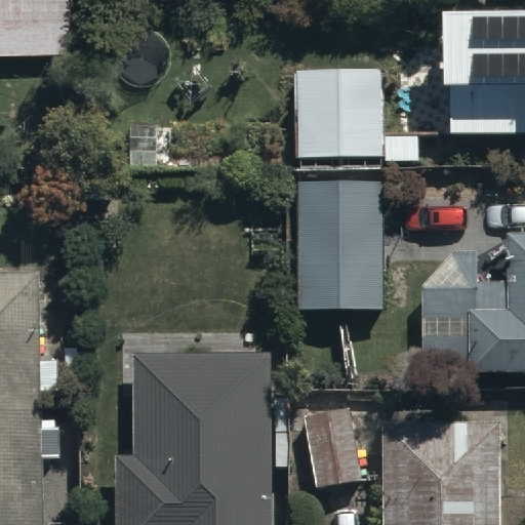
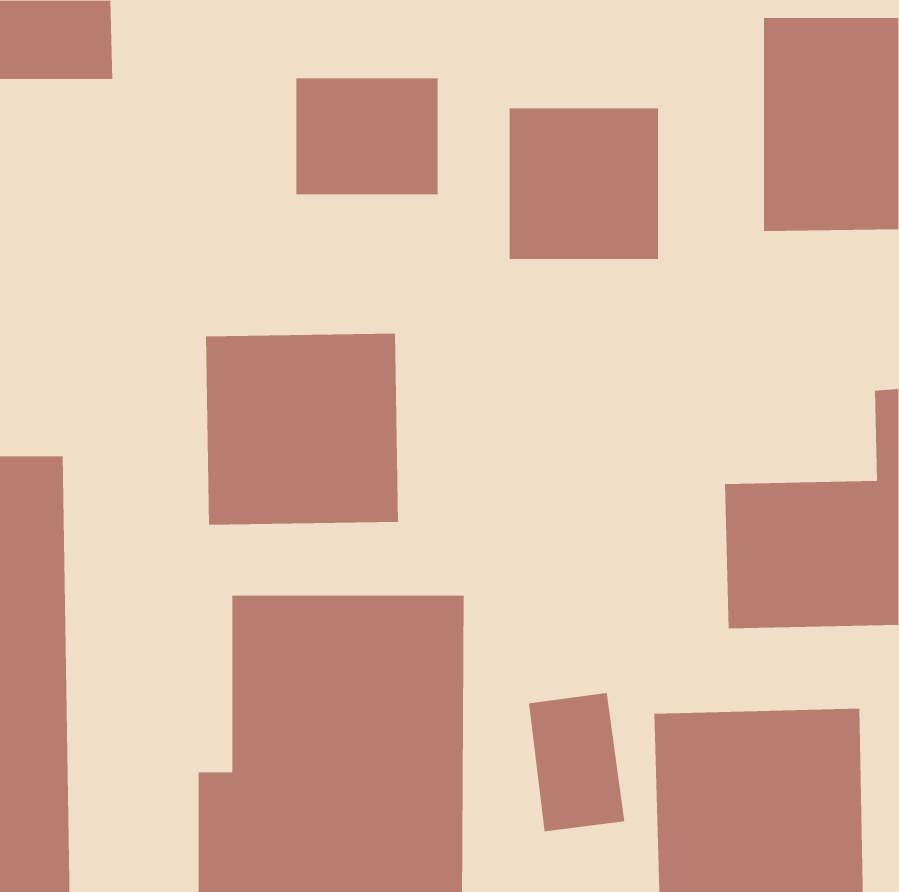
building: none -> [296,77,438,195]
building: [298,179,386,308] -> none
building: none -> [206,333,399,526]

